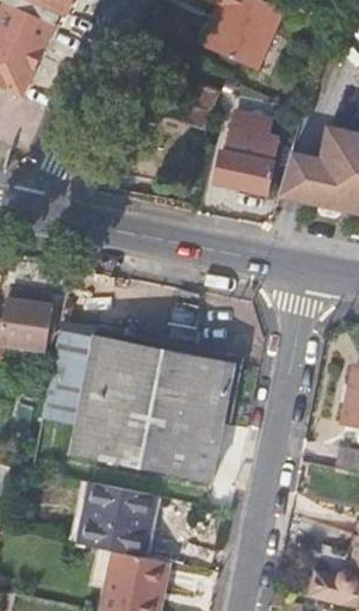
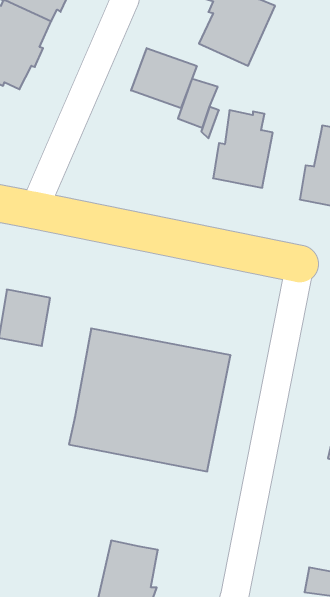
building: none -> [131,48,197,108]
building: [278,155,323,204] -> none
building: [49,328,94,426] -> none
building: [81,482,155,557] -> none

